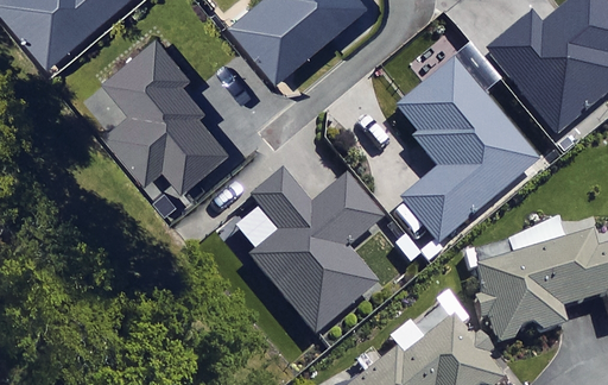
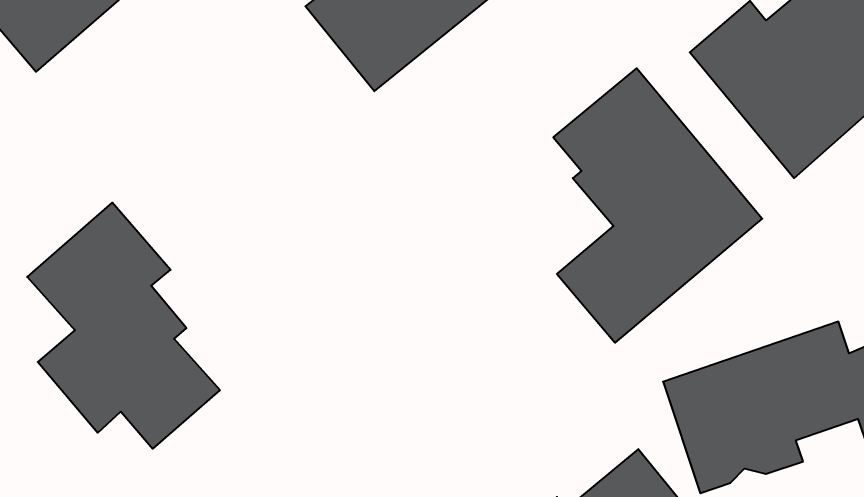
building: [100,21,229,187] -> [27,203,220,449]
building: [248,170,380,332] -> none

